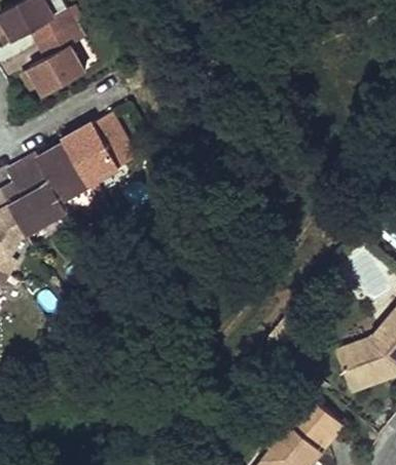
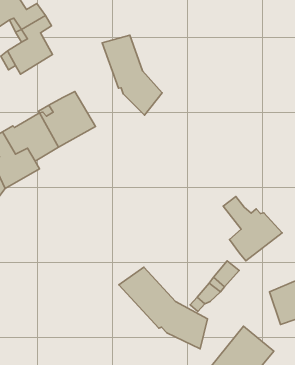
building: none -> [102,35,162,115]
building: none -> [223,196,282,261]
building: none -> [119,267,207,349]

